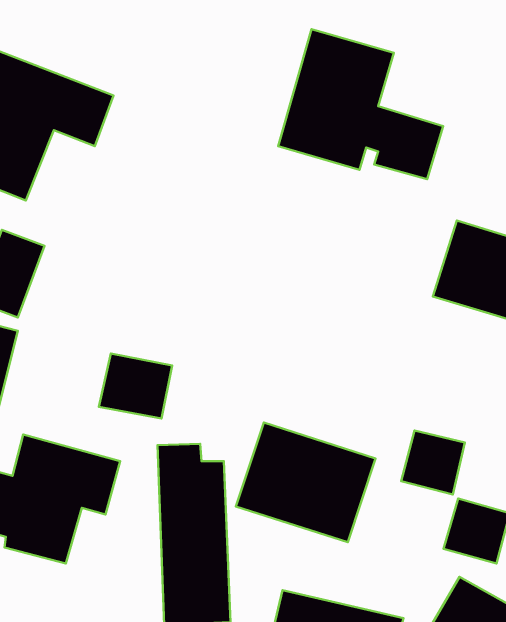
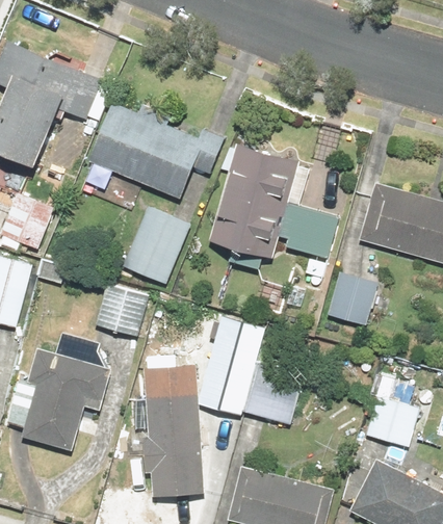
building: [278,29,443,179] -> [210,143,339,261]
building: none -> [89,104,227,194]
building: none -> [124,208,189,282]
building: [401,431,465,494] -> [327,274,376,324]

